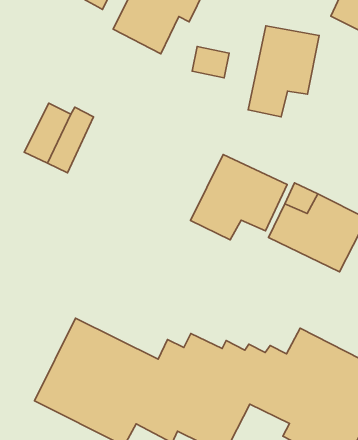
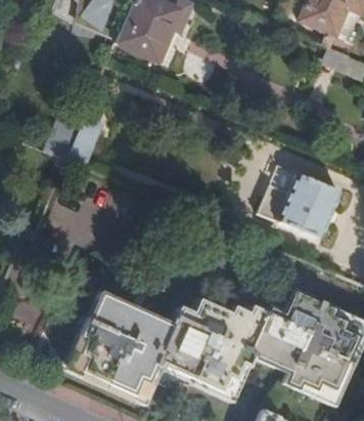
building: [248,26,319,117] -> none
building: [191,154,287,240] -> none

